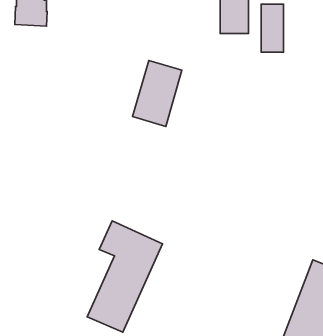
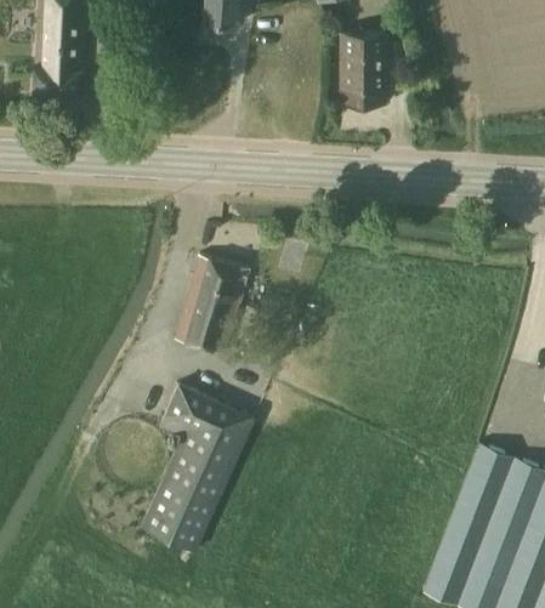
building: [261,4,284,52] -> none
building: [132,61,182,126] -> [175,256,249,354]

